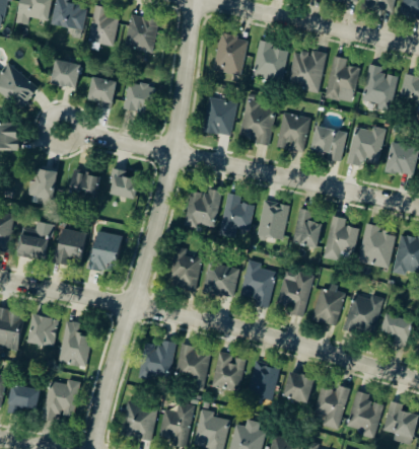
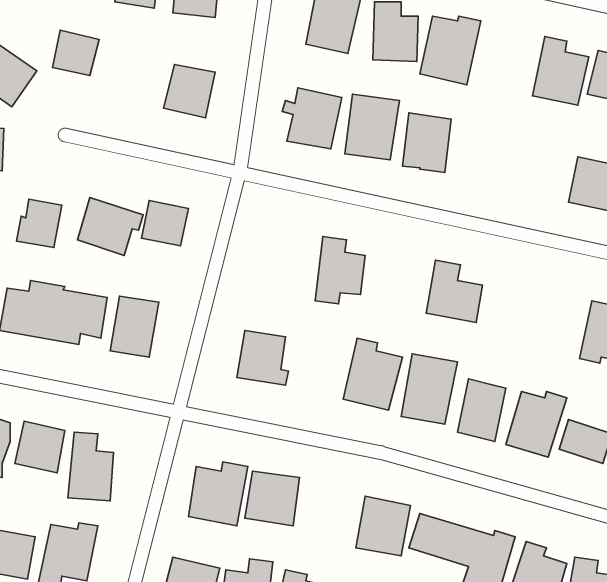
building: [325,56,360,103] -> none
building: [87,78,116,105] -> none
building: [309,126,347,163] -> none
building: [346,126,386,166] -> none
building: [184,190,221,228] -> none
building: [257,201,289,241] -> none
building: [325,217,358,260] -> none
building: [357,224,396,269] -> none
building: [203,263,238,297] -> none
building: [211,352,246,392] -> none

